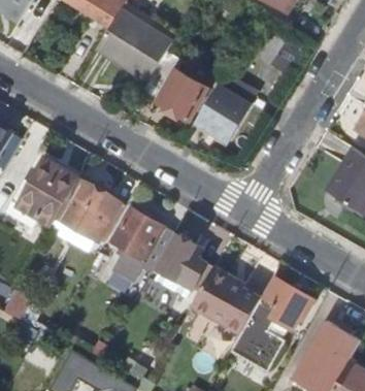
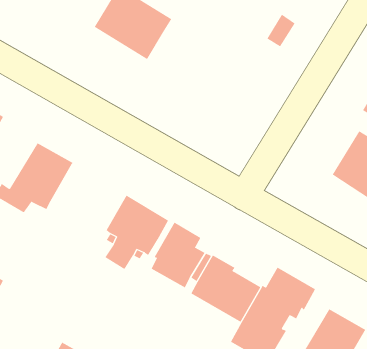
building: [143,52,210,121] -> none
building: [197,83,254,143] -> none
building: [57,180,121,242] -> none

